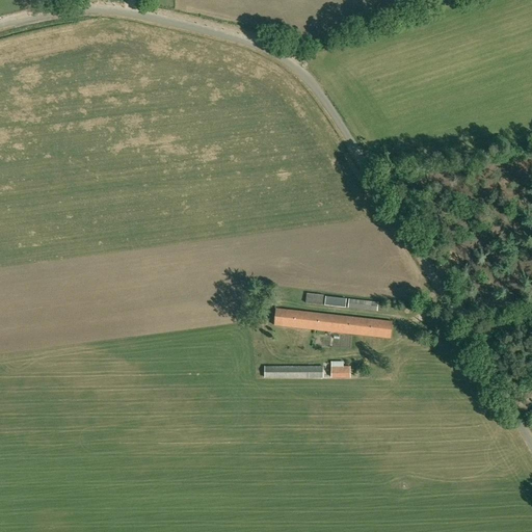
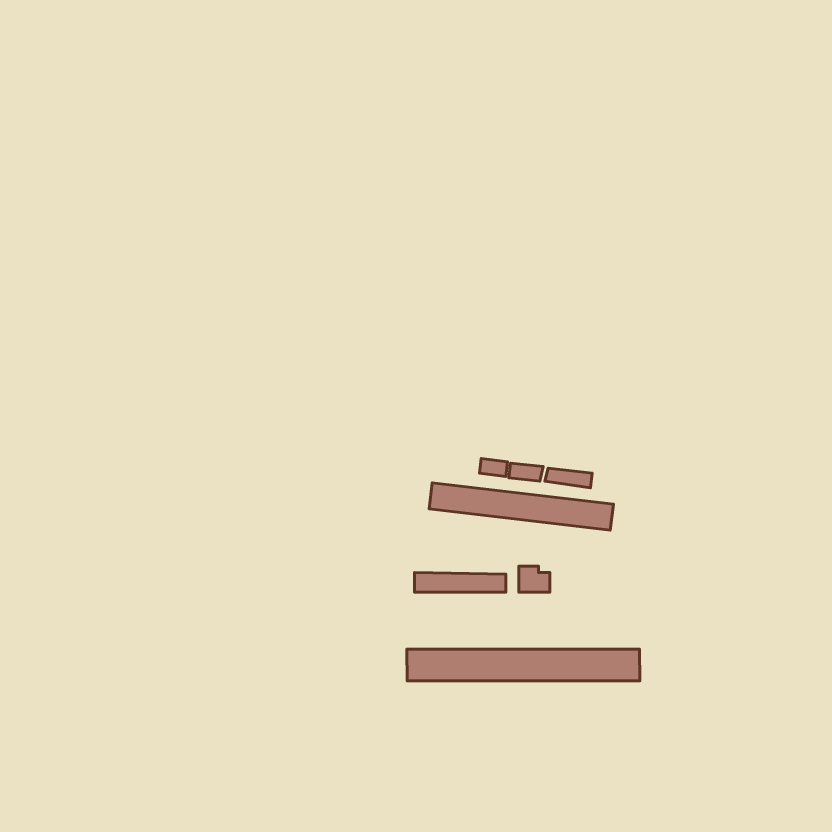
building: none -> [407,649,640,681]

